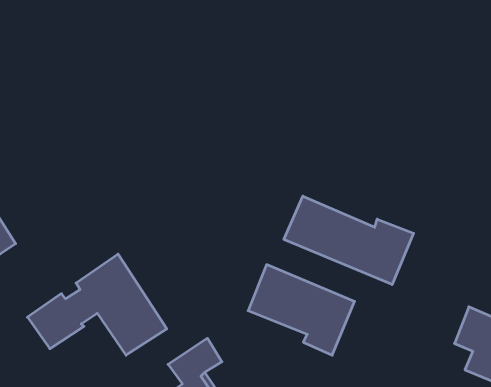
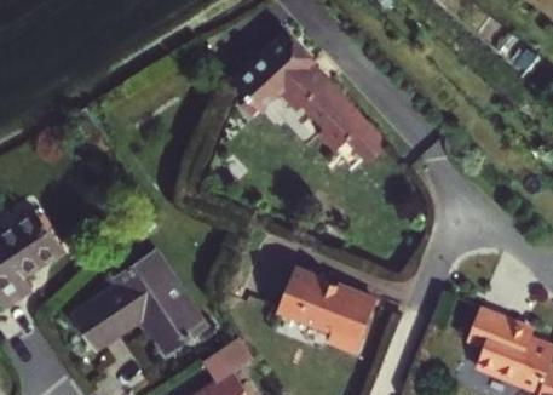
building: none -> [234,32,387,167]
building: [284,196,414,285] -> none

